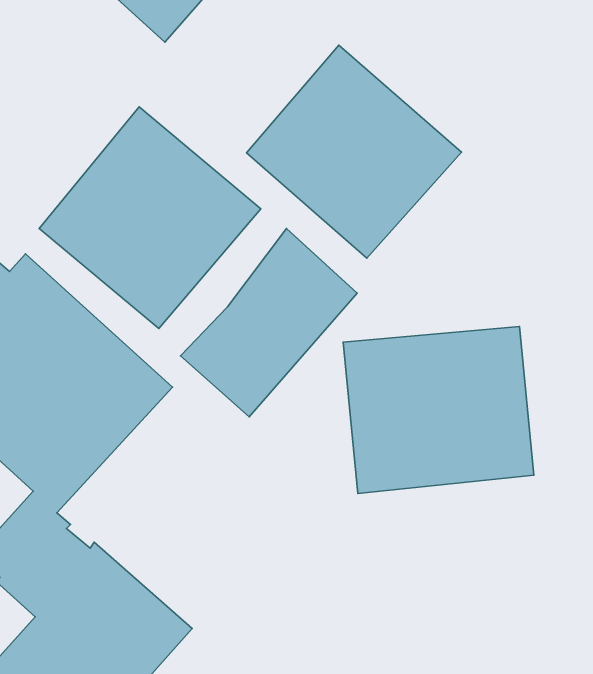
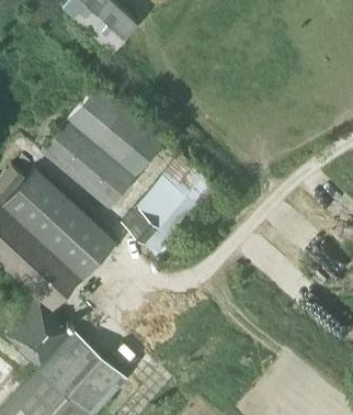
building: [247,45,461,258] -> none
building: [343,327,534,493] -> none

